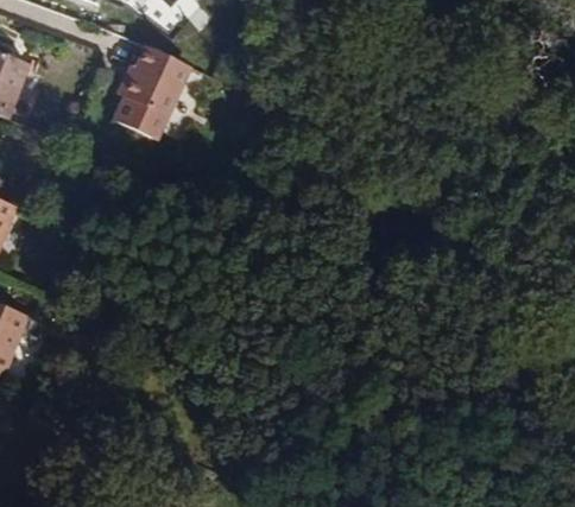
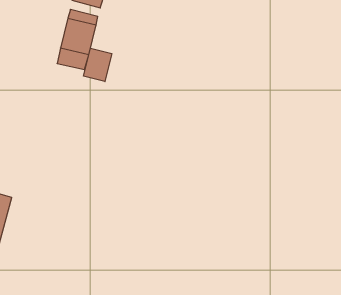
building: none -> [84,48,112,82]

